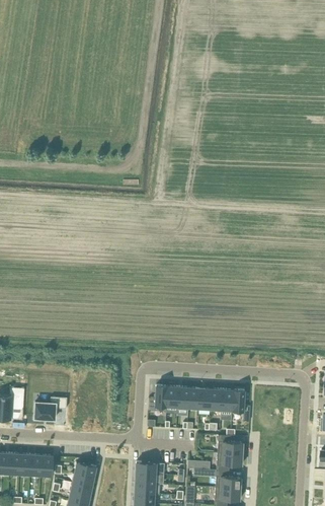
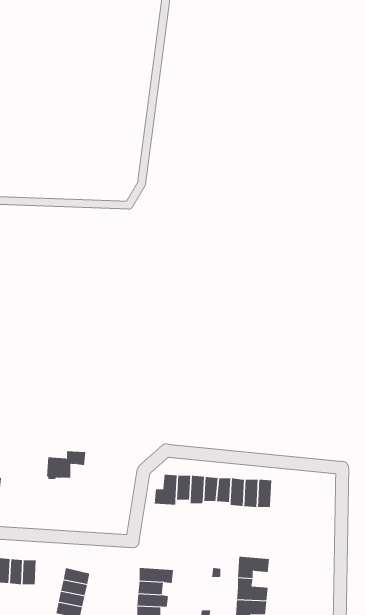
building: [34,397,67,421] -> [46,451,86,479]
building: [217,436,243,455] -> none

